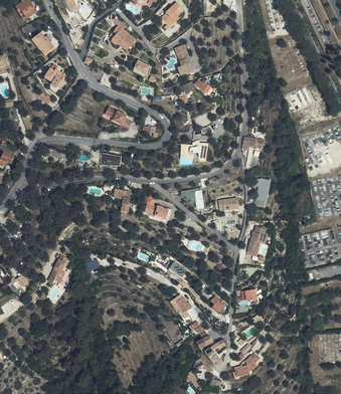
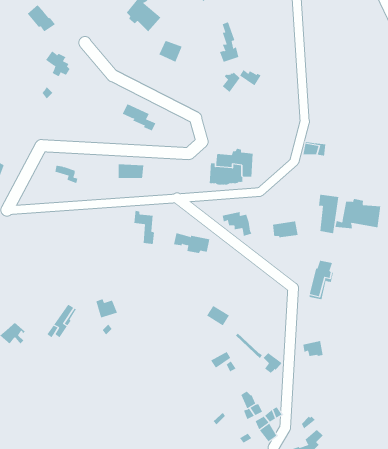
building: none -> [335,198,381,229]

